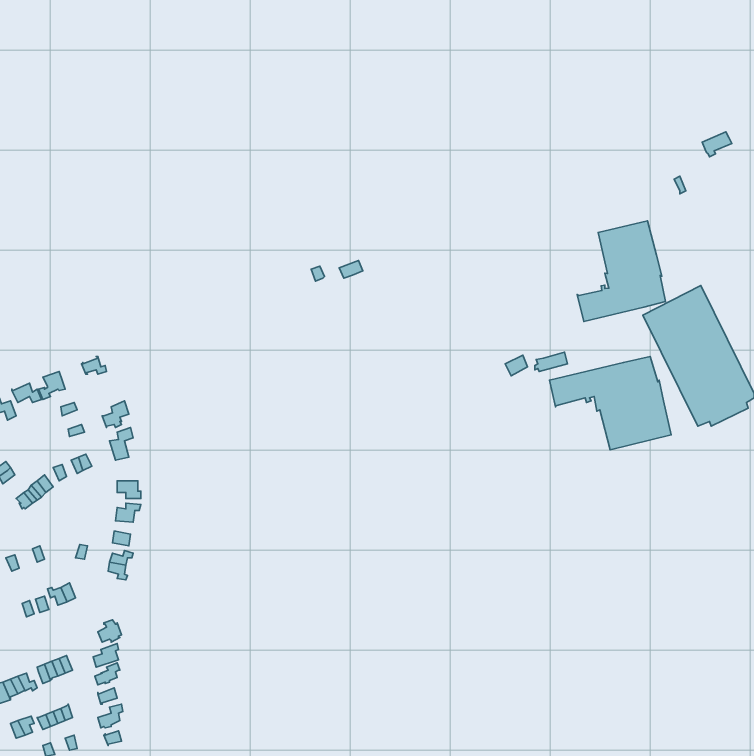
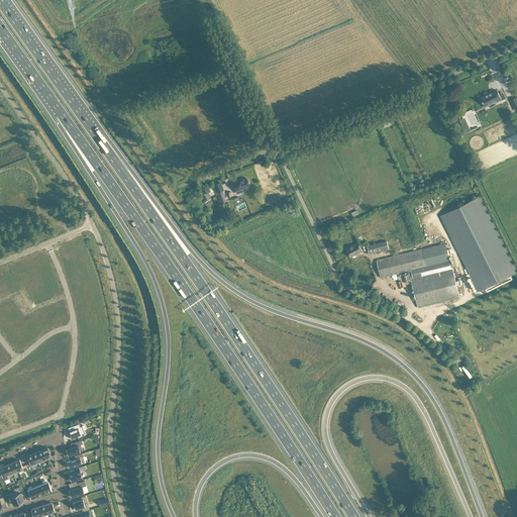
building: [577,221,665,322] -> none

